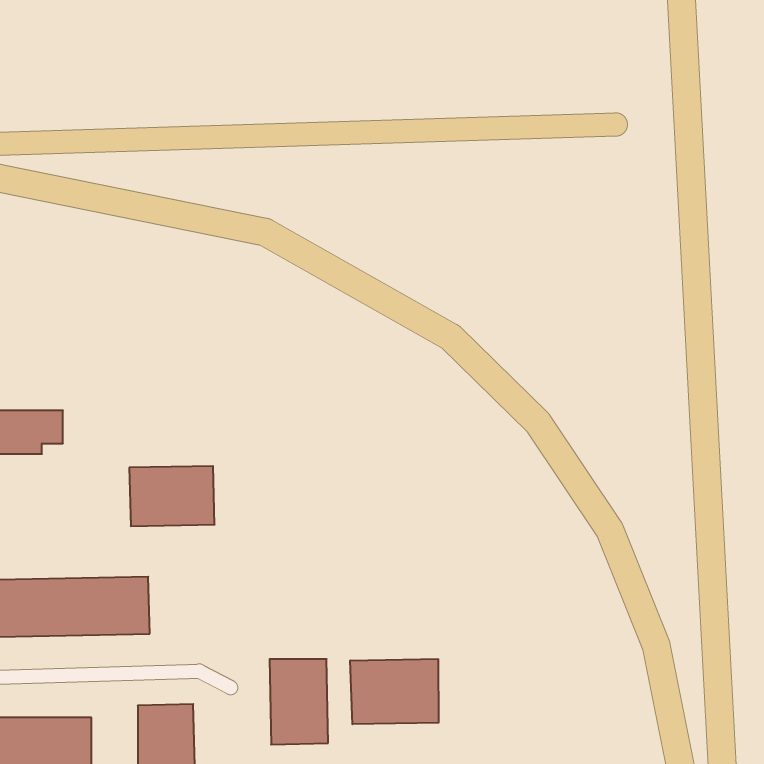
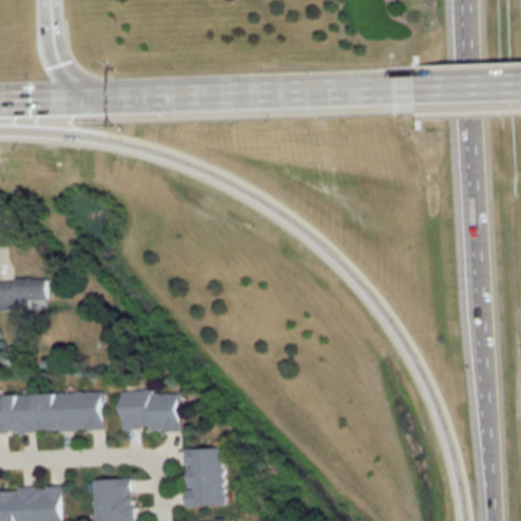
building: [129,466,215,526] -> [120,391,178,431]
building: [350,659,439,724] -> none

